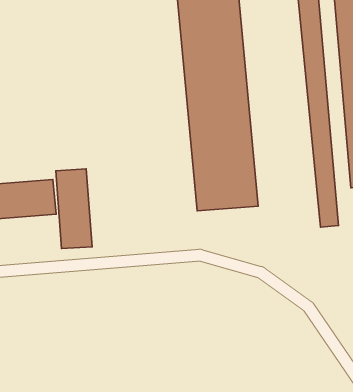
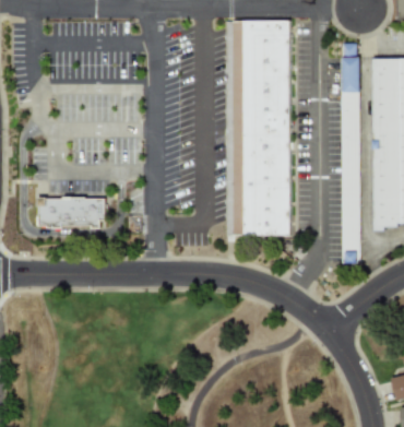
building: [56,169,92,249] -> none

